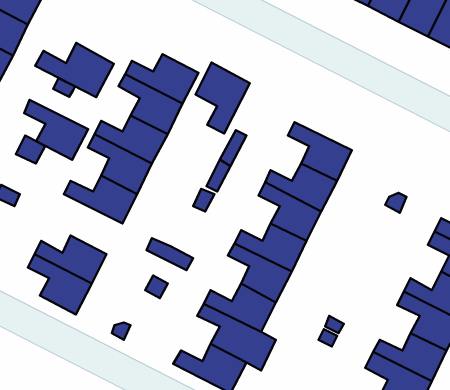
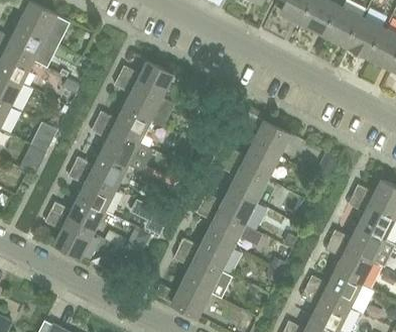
building: [35,43,114,97] -> none
building: [196,63,250,134] -> none
building: [24,100,88,160] -> [69,167,117,212]

